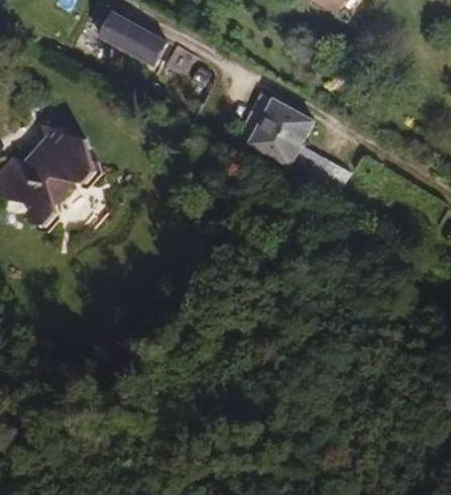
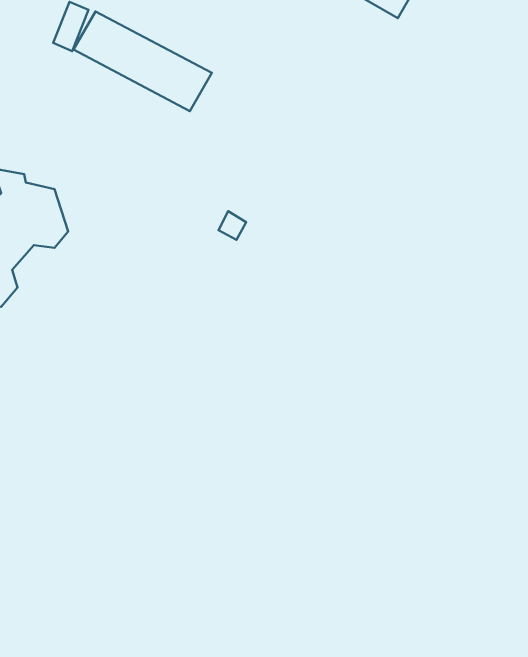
building: [247,100,342,194] -> none

